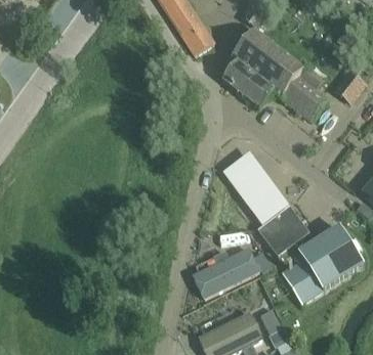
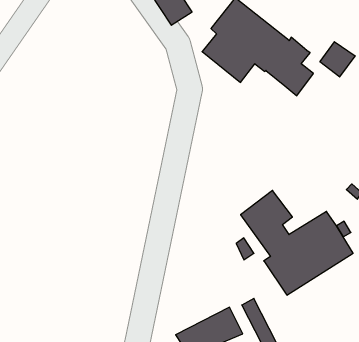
building: [225,153,285,220] -> none
building: [191,249,258,300] -> none

